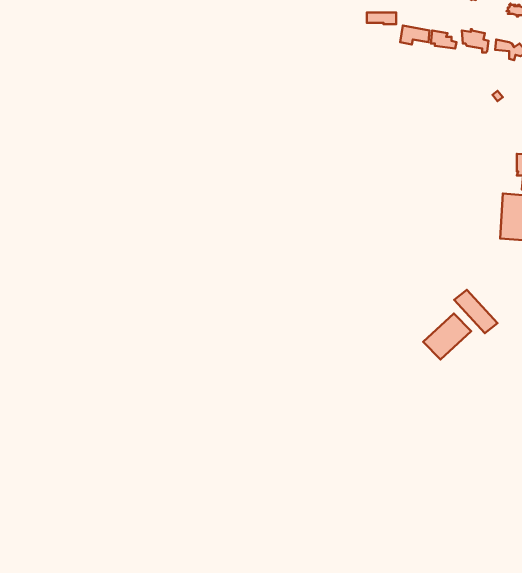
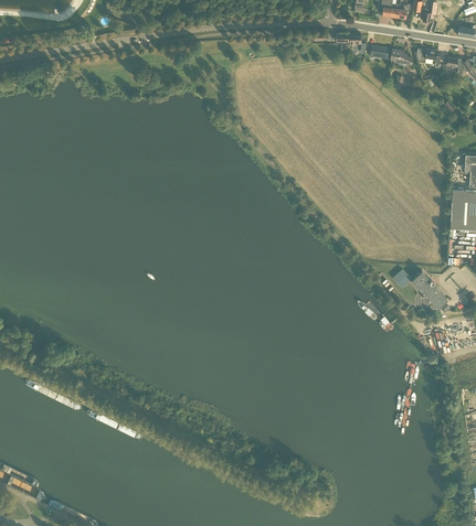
building: [423,314,471,359] -> none

